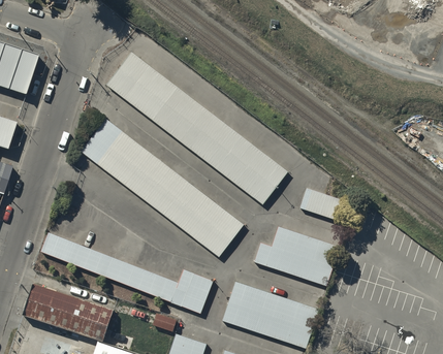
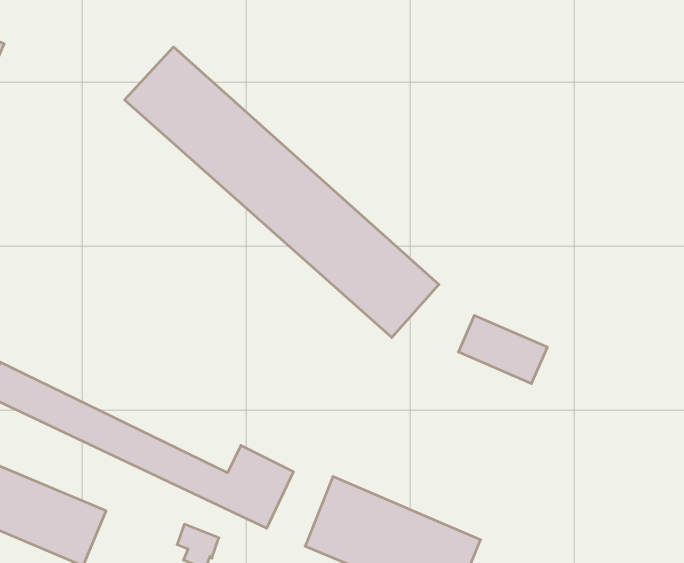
building: [81,119,243,256] -> none
building: [253,227,338,287] -> none

